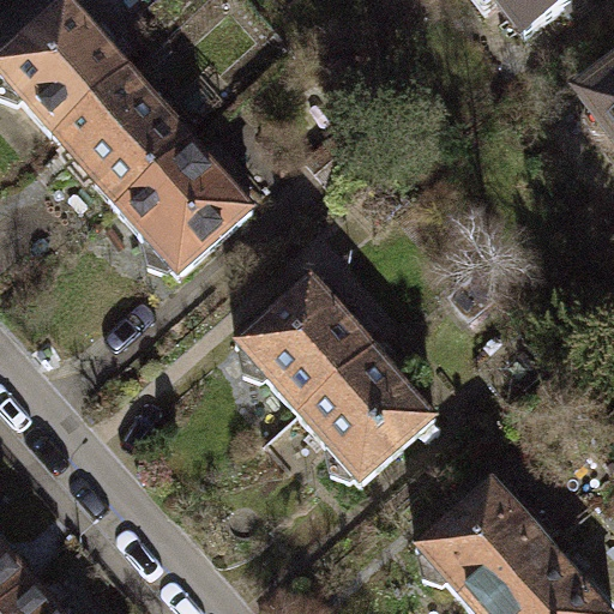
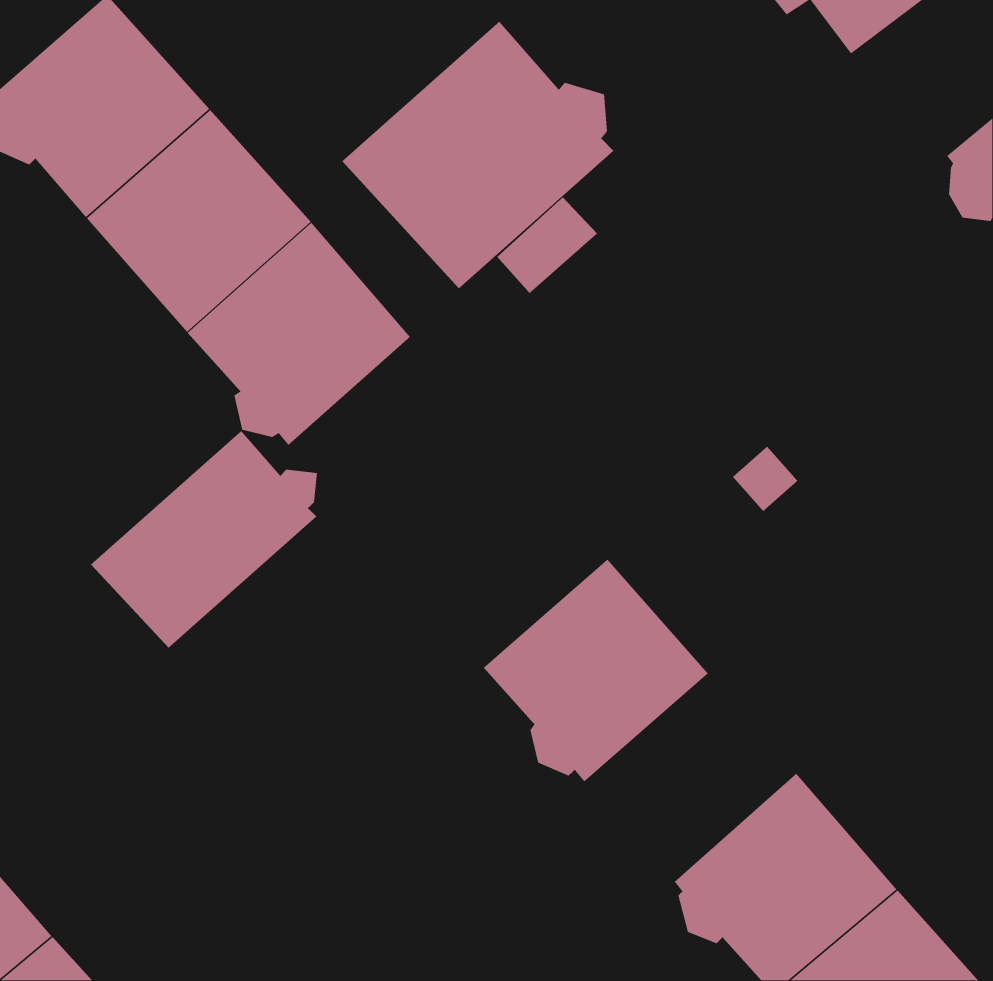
building: none -> [341,21,614,289]
building: none -> [90,430,318,649]
building: [235,273,374,411] -> none

